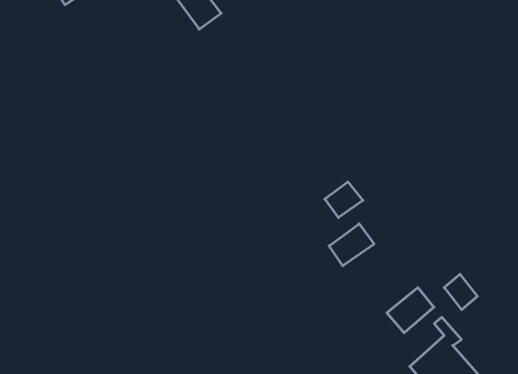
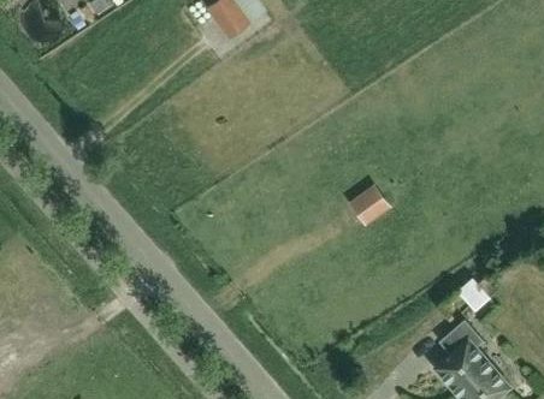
building: [329,224,374,266] -> none
building: [387,288,434,333] -> none

